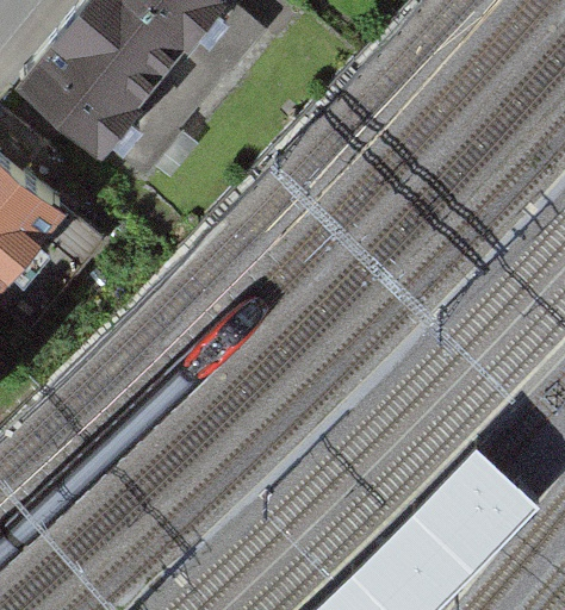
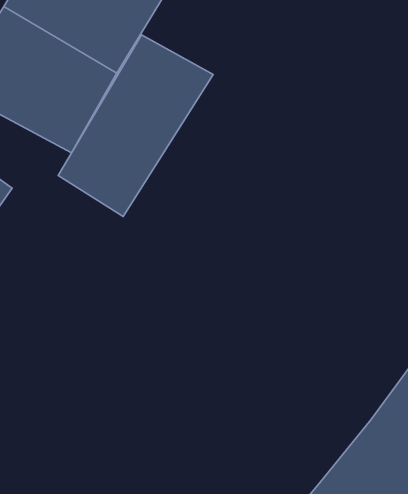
building: none -> [58,35,213,216]

